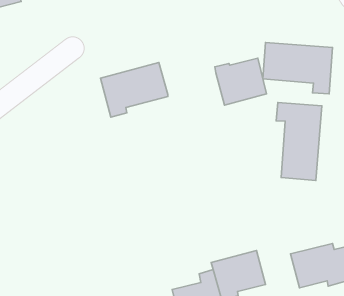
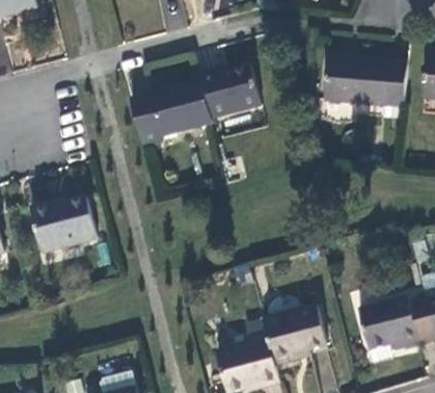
building: [215,58,266,105] -> [199,62,261,119]
building: [276,102,322,180] -> none
building: none -> [30,195,98,252]

